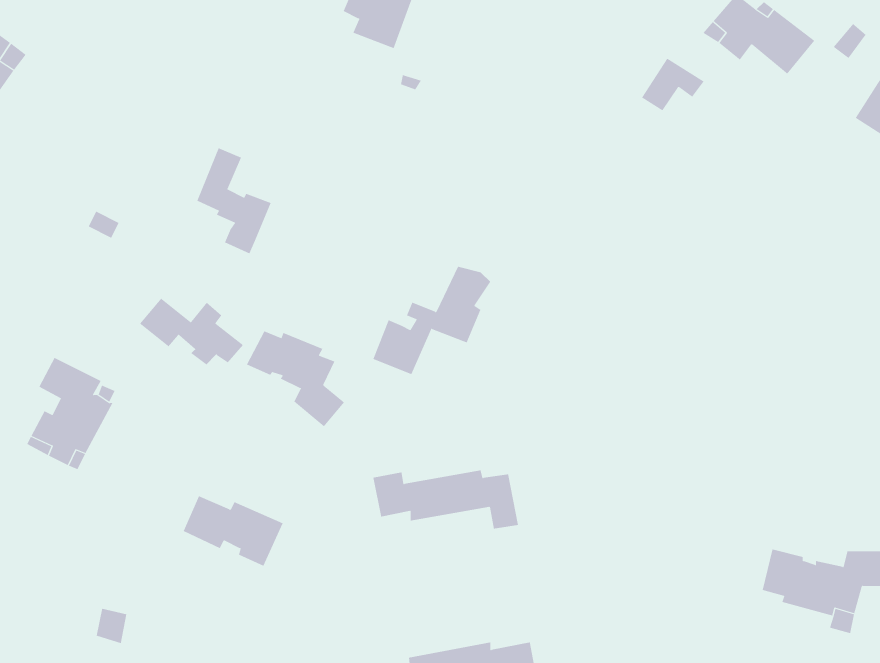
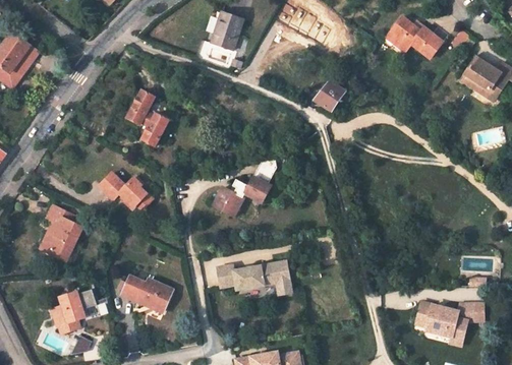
building: [641,58,704,111] -> [318,80,350,108]
building: [246,330,345,427] -> none
building: none -> [48,290,93,334]

